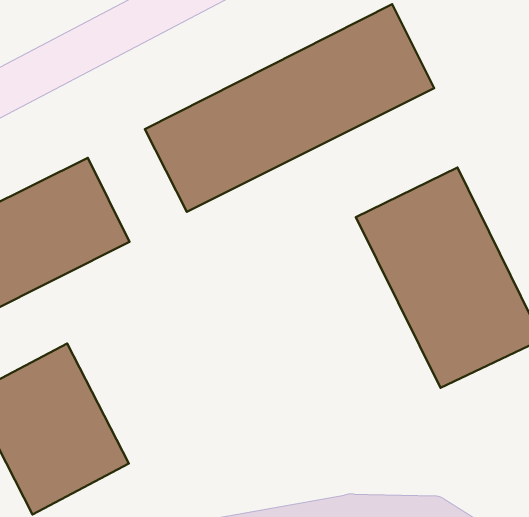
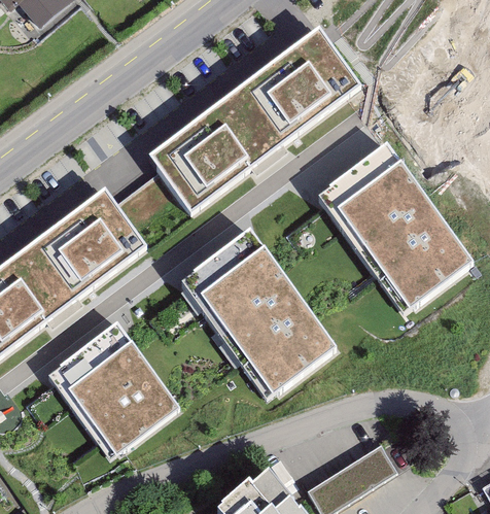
building: none -> [181,229,337,397]

